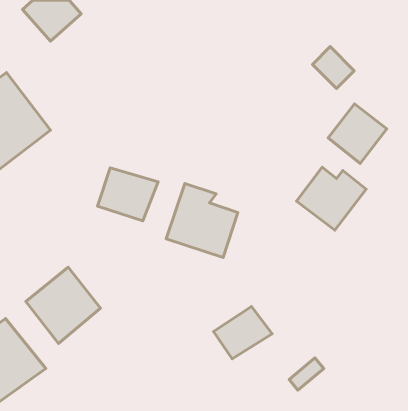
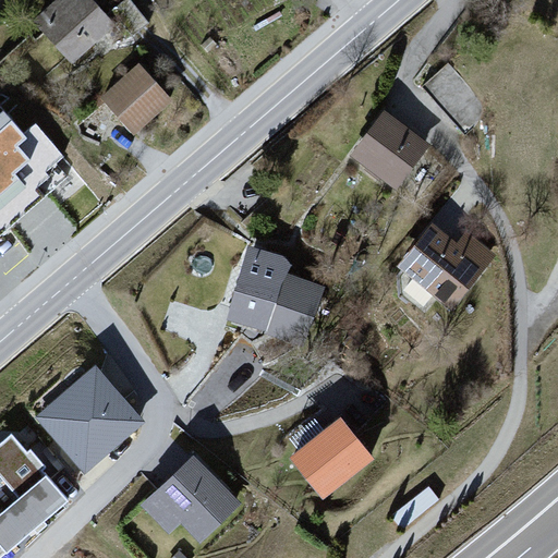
building: none -> [99,61,171,132]
building: [328,104,387,163] -> [350,113,429,194]
building: [97,168,158,221] -> none
building: none -> [141,460,239,543]

